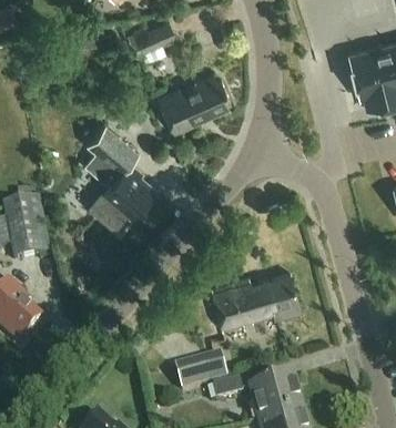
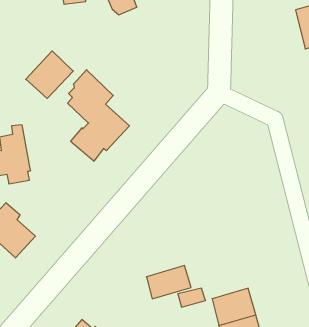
building: [158,74,229,132] -> none
building: none -> [26,51,73,98]
building: [210,272,302,329] -> none

